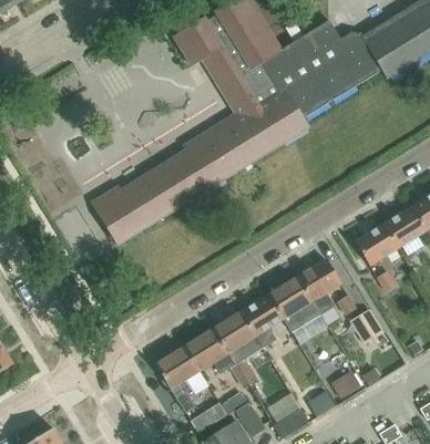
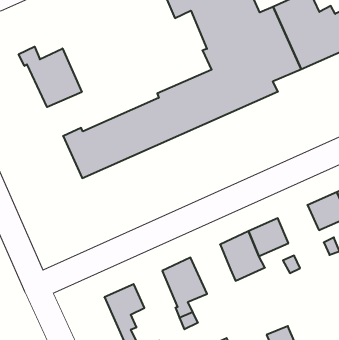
building: none -> [19,47,82,107]
building: [240,293,284,347] -> none
building: [349,309,382,343] -> none
building: [185,329,234,372] -> none

